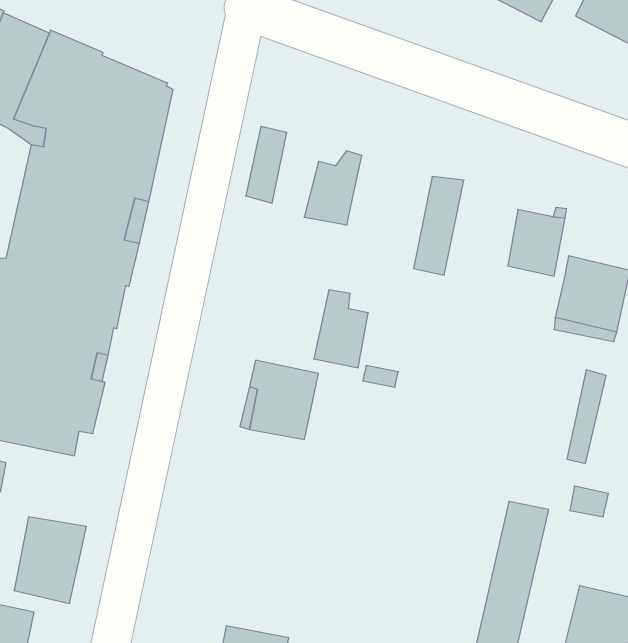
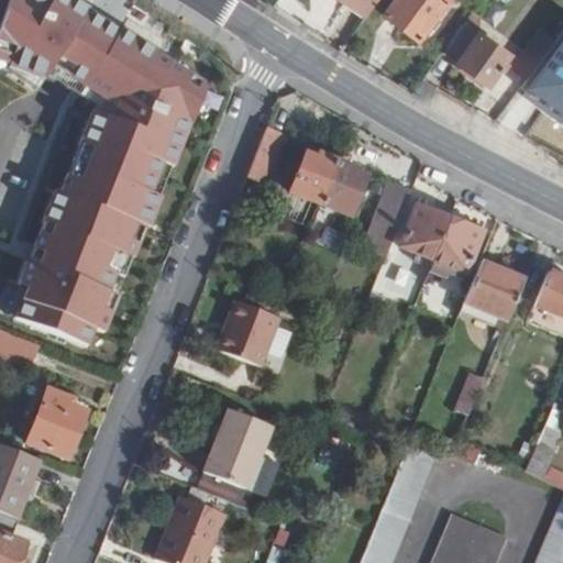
building: none -> [402,208,450,261]
building: [314,290,368,368] -> [321,161,367,222]
building: none -> [205,409,274,489]

